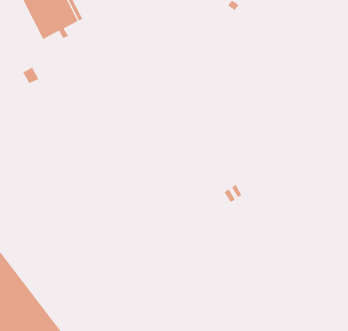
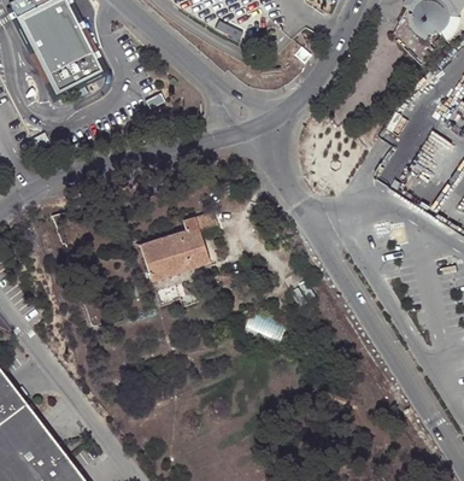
building: none -> [140,212,219,278]

